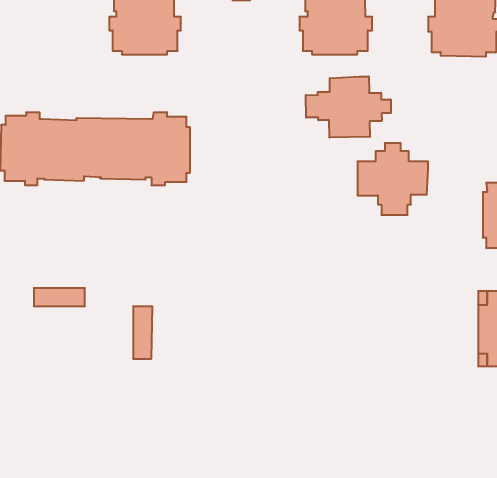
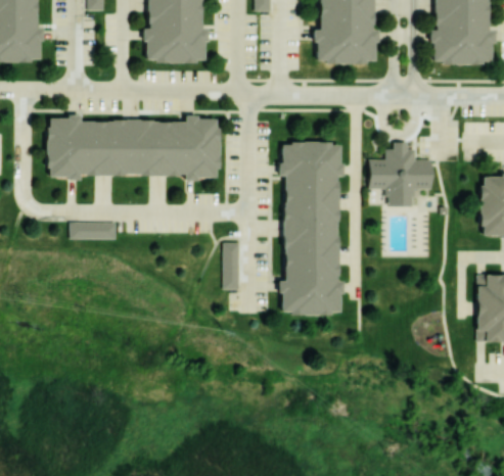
building: [306,76,391,138] -> none
building: none -> [280,142,348,313]
building: [34,288,85,306] -> [70,223,116,239]
building: [133,306,152,359] -> [223,243,240,290]

